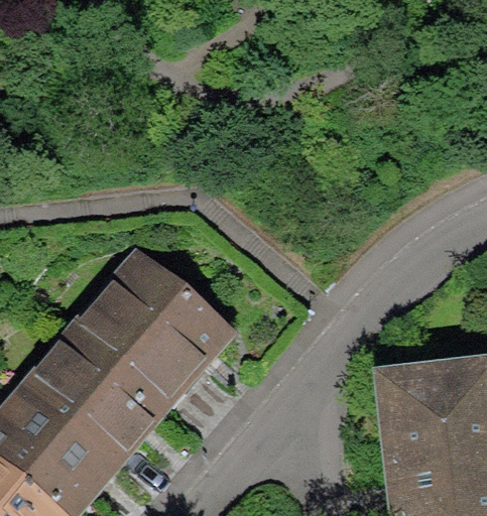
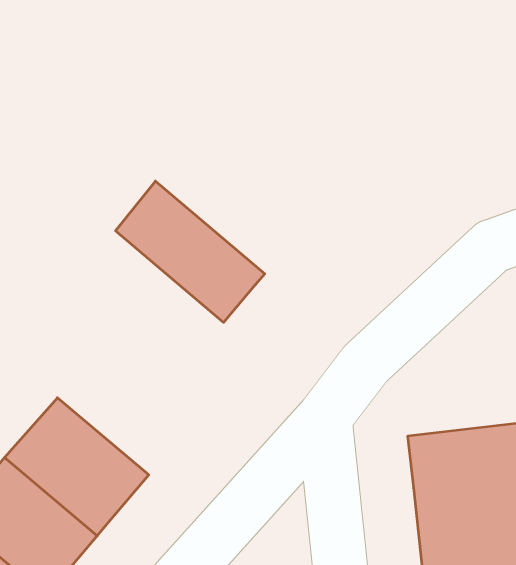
building: none -> [116,181,265,322]
building: [69,260,230,410] -> none

